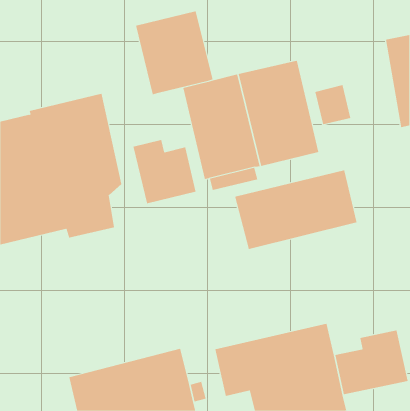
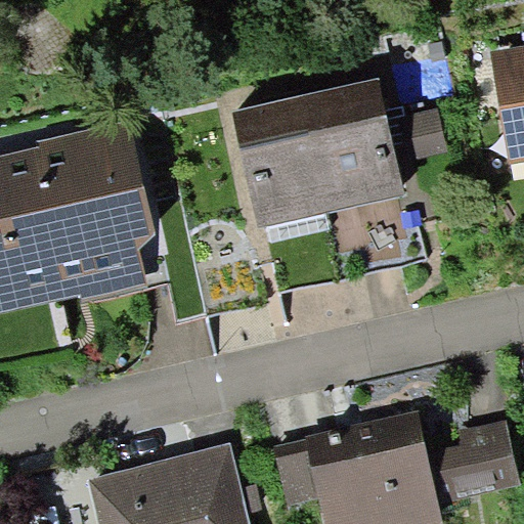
building: [136,11,213,95] -> none
building: [133,139,196,204] -> none
building: [235,169,357,250] -> none

